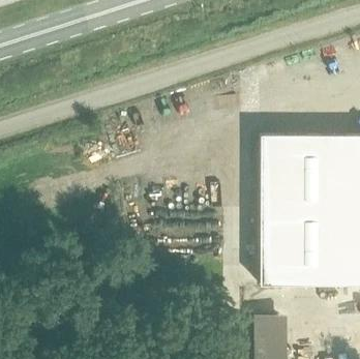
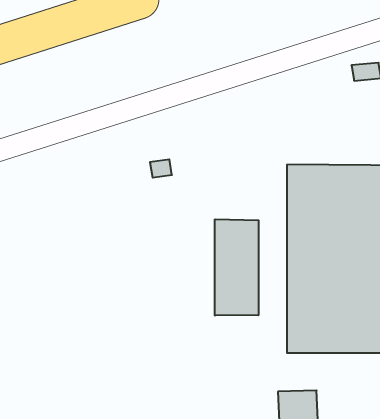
building: none -> [215,219,259,316]

